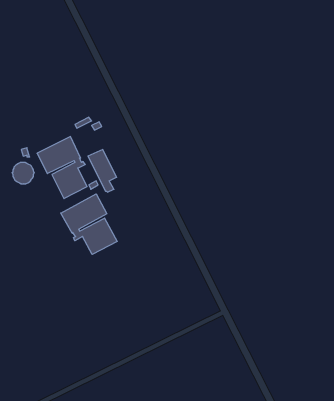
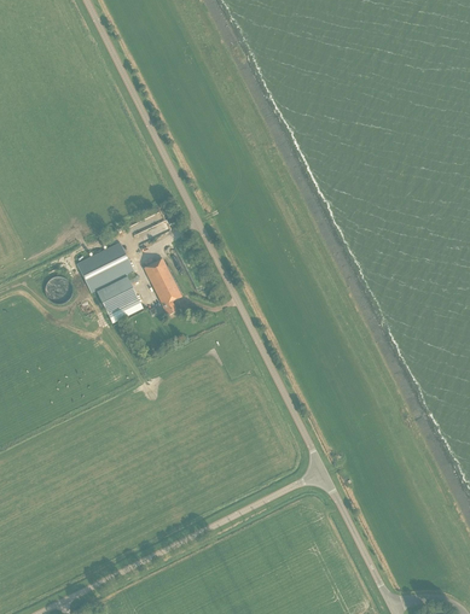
building: [61,194,117,254] -> none

